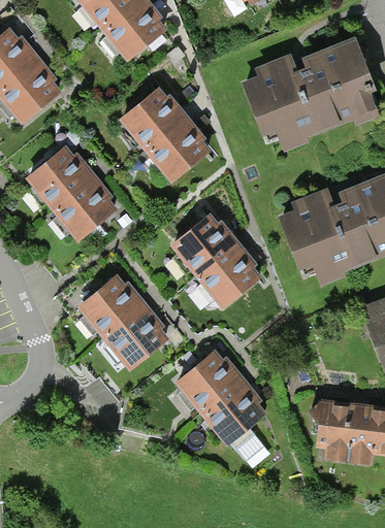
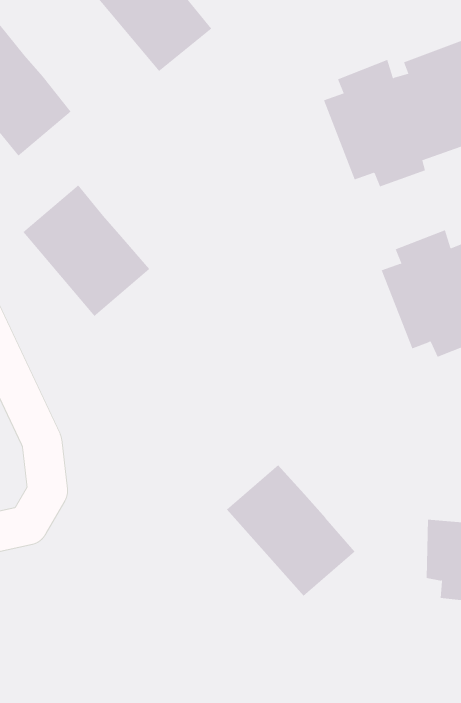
building: [119,87,212,183] -> none
building: [168,212,263,308] -> none
building: [77,275,170,371] -> none

